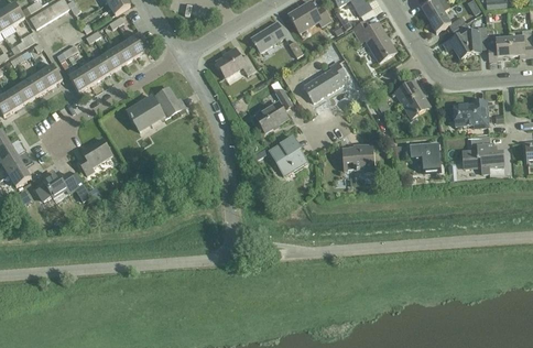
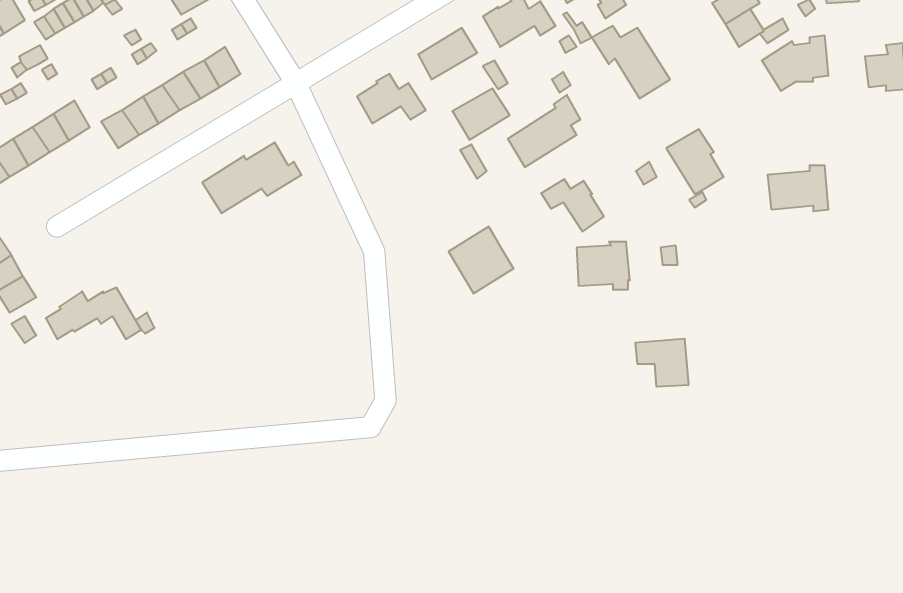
building: [487,34,511,59] -> none
building: [254,101,287,131] -> [452,88,510,140]
building: none -> [541,179,604,232]
building: [463,135,504,172] -> none
building: [77,139,111,175] -> none
building: [410,143,440,171] -> [635,339,689,387]

